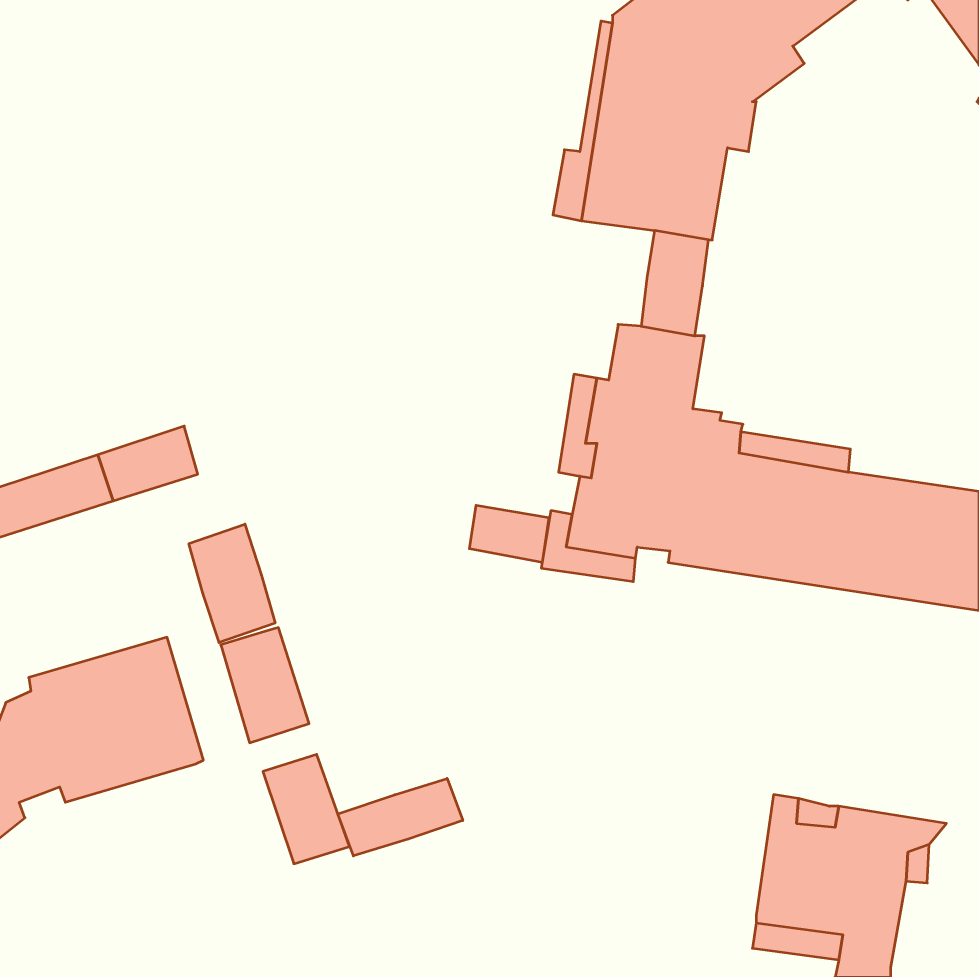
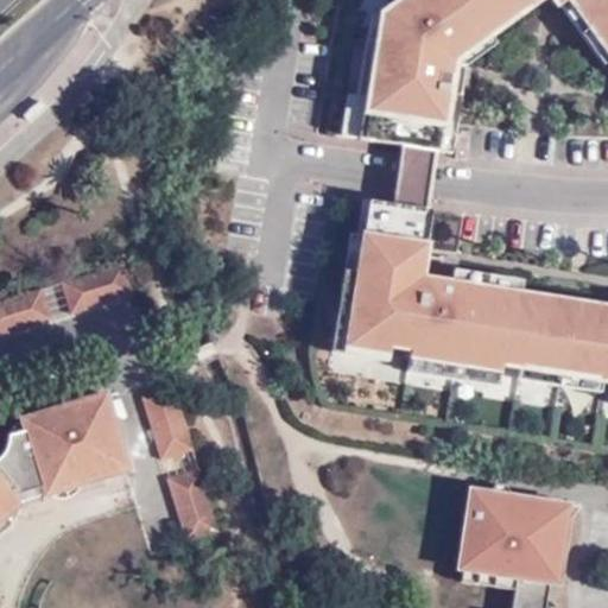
building: [469,505,549,562] -> none
building: [189,524,275,643] -> none
building: [338,778,463,856] -> none

